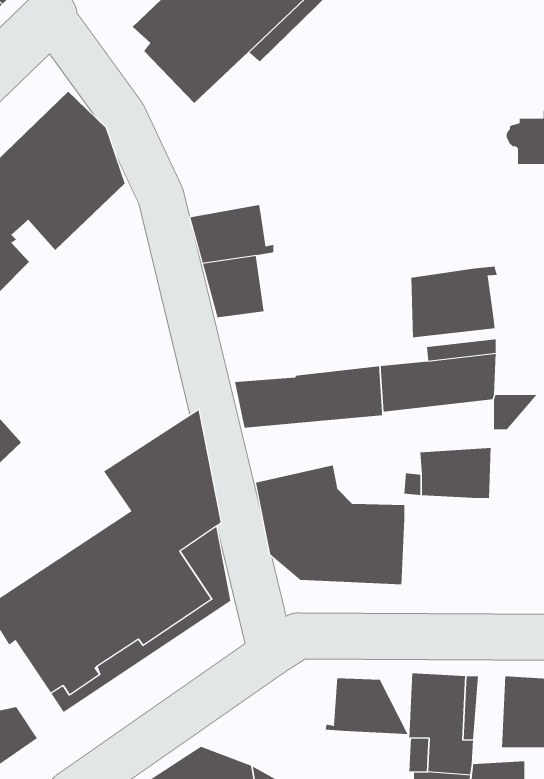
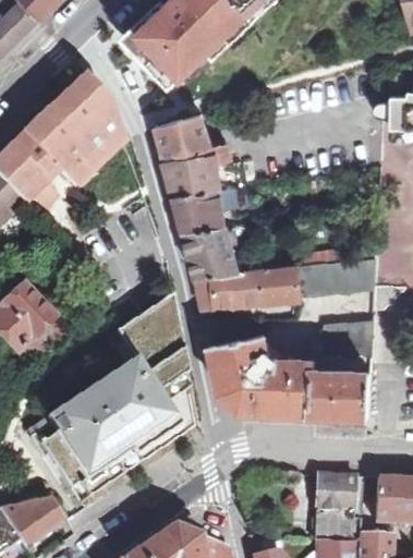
building: none -> [155,114,214,163]
building: [411,266,498,338] -> none
building: none -> [184,227,238,276]
building: none -> [311,369,369,416]
building: [325,677,409,735] -> none

